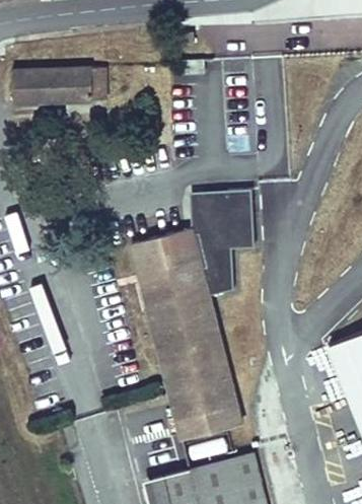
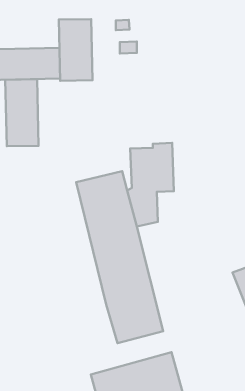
building: none -> [59,19,93,81]
building: none -> [5,79,39,146]

